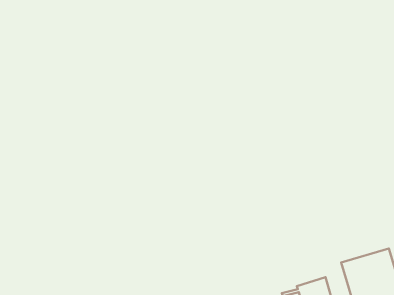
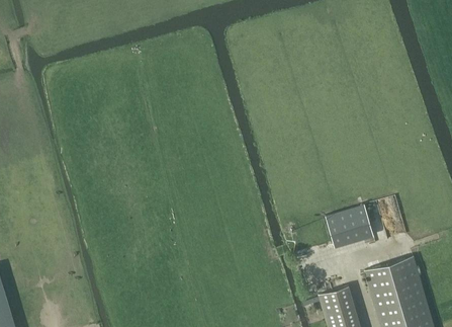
building: none -> [326,206,374,249]

